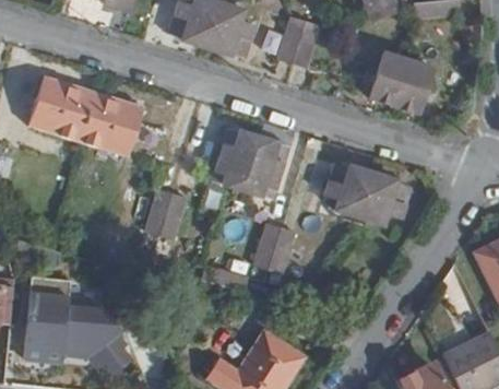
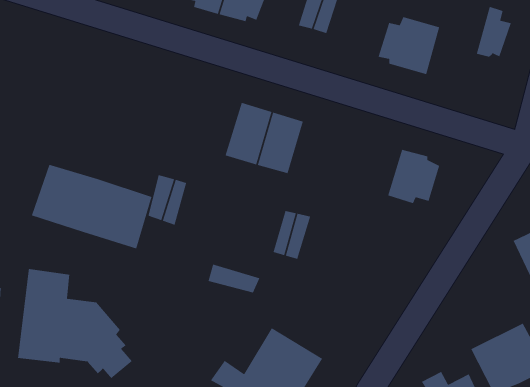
building: [396,59,429,106] -> [476,6,512,58]
building: [29,79,140,156] -> [31,164,152,250]
building: [326,163,373,212] -> none

